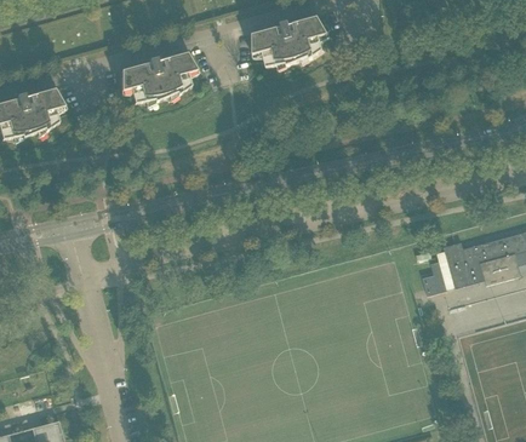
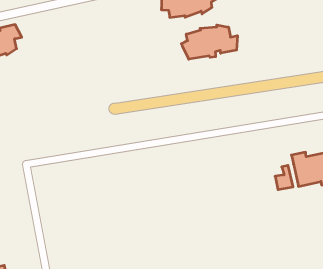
building: [120,52,195,103] -> none
building: none -> [181,25,237,59]

